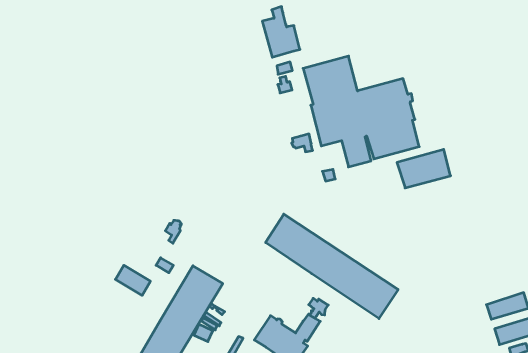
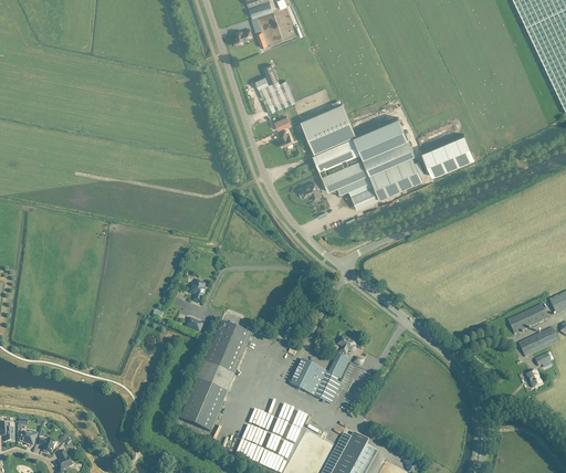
building: [397,149,451,188] -> [420,132,473,174]
building: [266,214,398,319] -> none
building: [115,265,150,295] -> none

